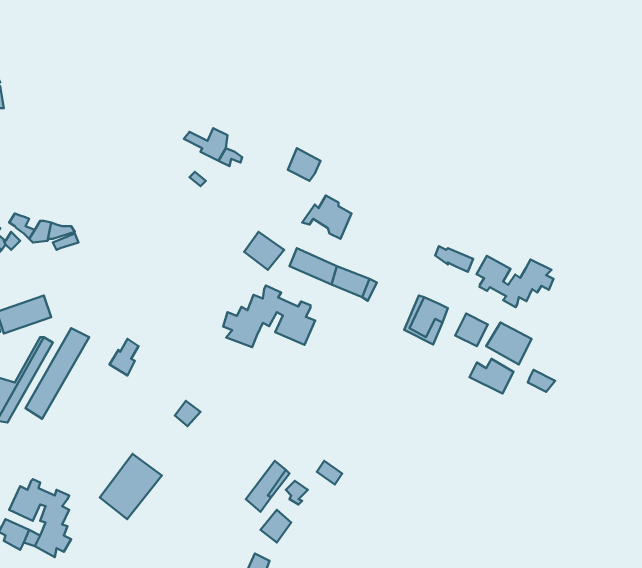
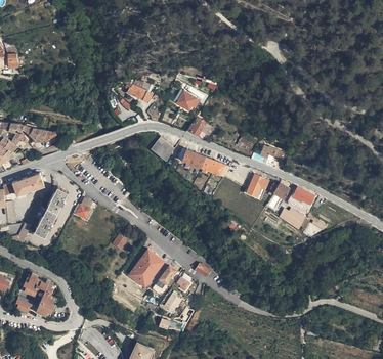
building: [477,256,554,307] -> none
building: [223,285,315,347] -> none
building: [100,454,162,519] -> [131,246,166,283]

